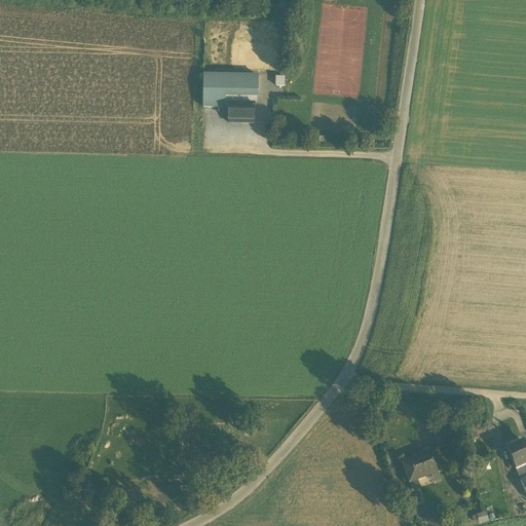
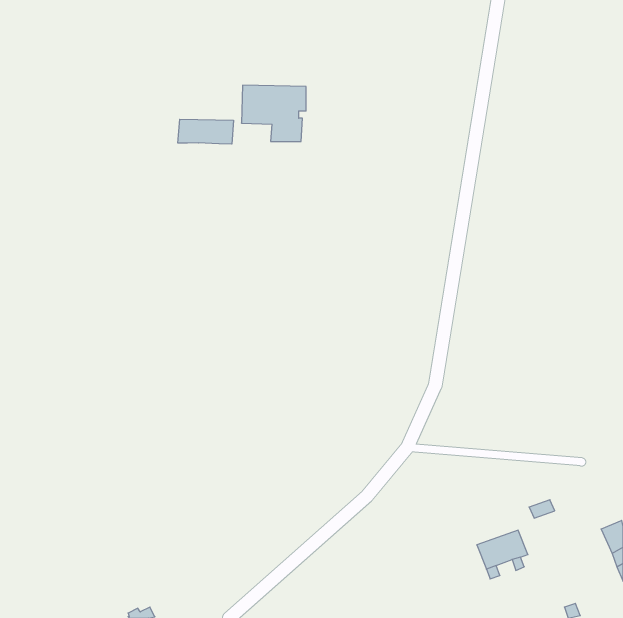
building: none -> [178,119,233,144]

